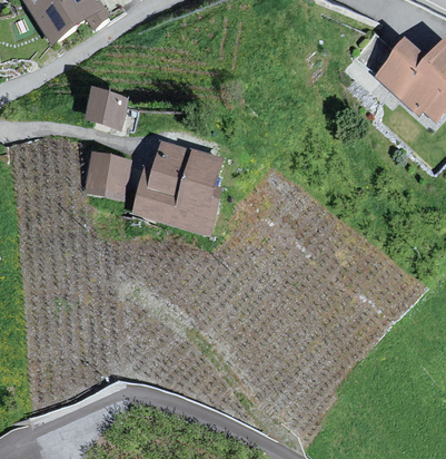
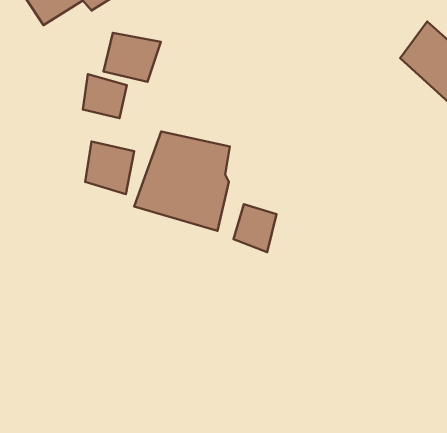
building: none -> [104,33,161,82]
building: none -> [234,204,277,252]

